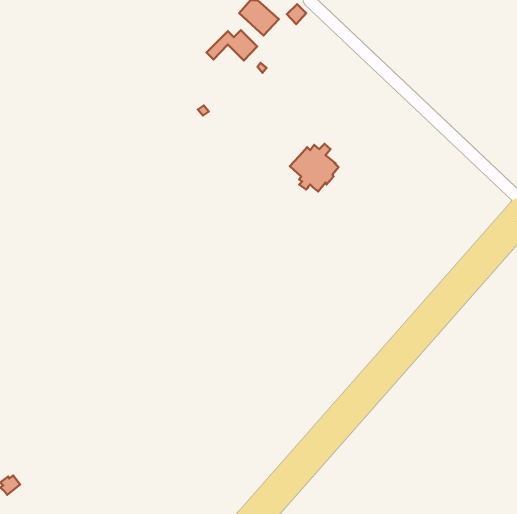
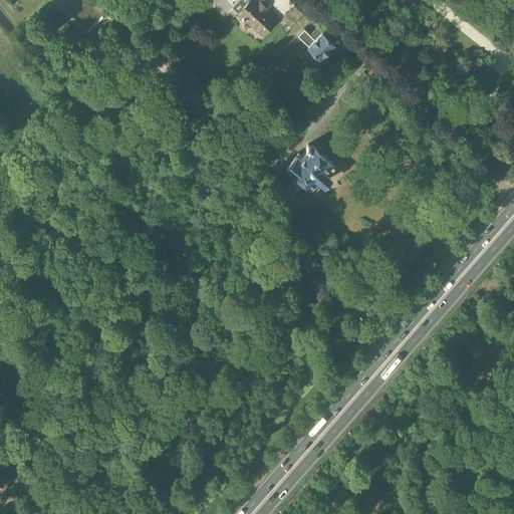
building: [206,30,257,61] -> [283,31,333,61]

